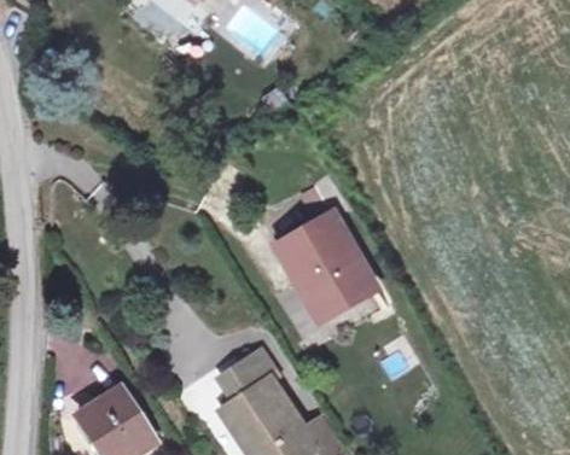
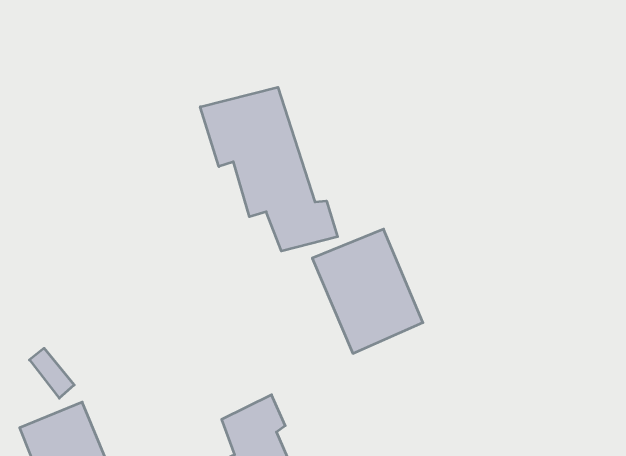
building: none -> [200,87,338,251]

